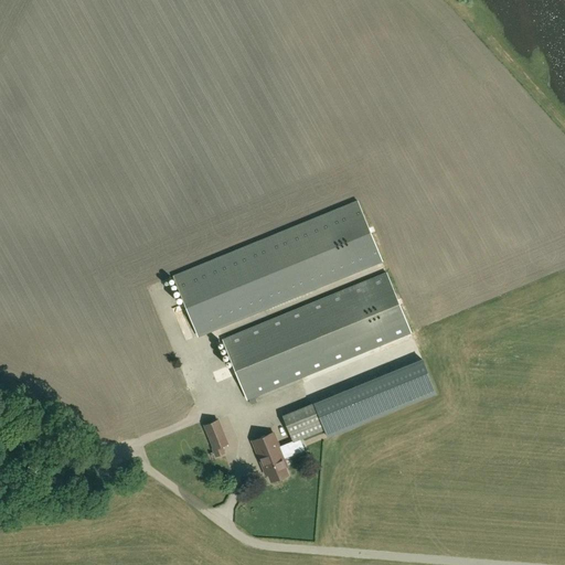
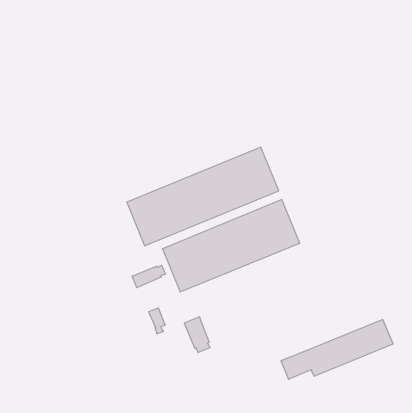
building: [281,360,435,441] -> [281,320,393,379]
building: none -> [132,265,165,288]

